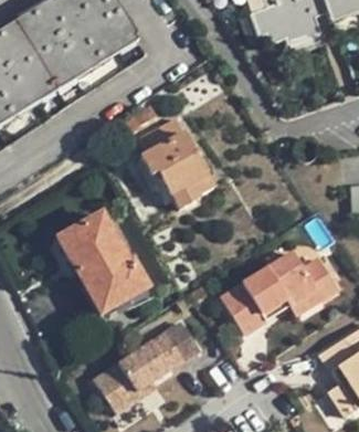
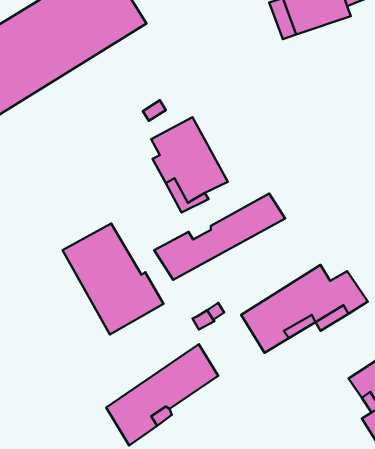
building: none -> [154,194,285,280]

